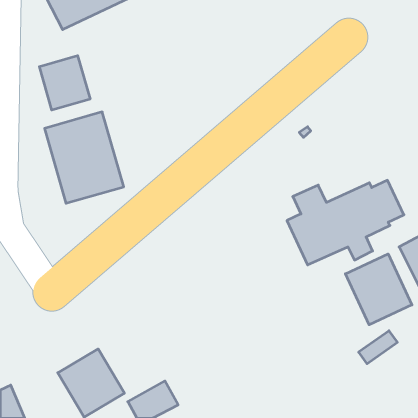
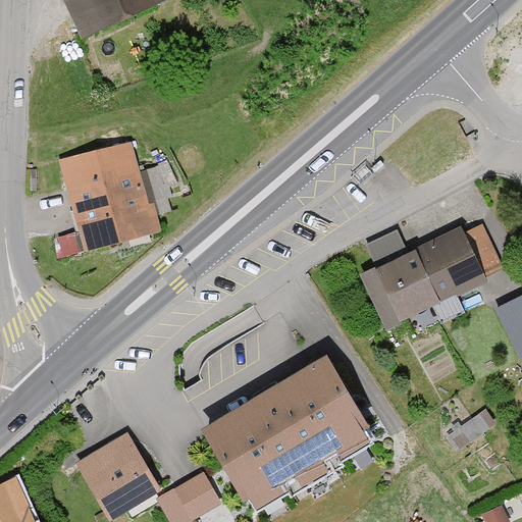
building: [39,56,90,110] -> none
building: [345,254,412,325] -> none
building: none -> [208,359,370,510]

